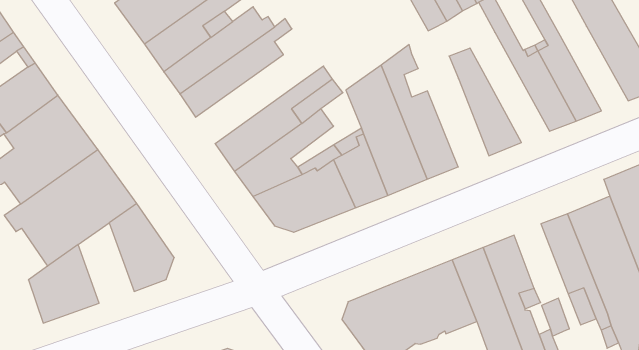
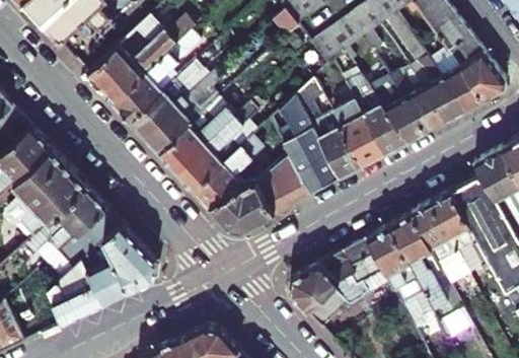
building: none -> [430,48,486,111]
building: none -> [370,61,429,142]
building: none -> [317,78,385,166]
building: none -> [159,97,237,171]
building: none -> [82,241,129,303]

